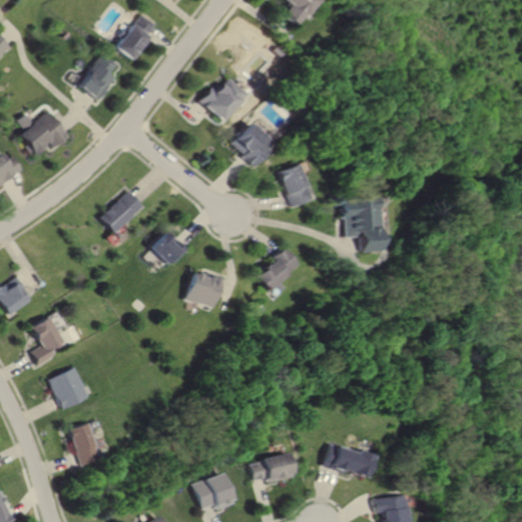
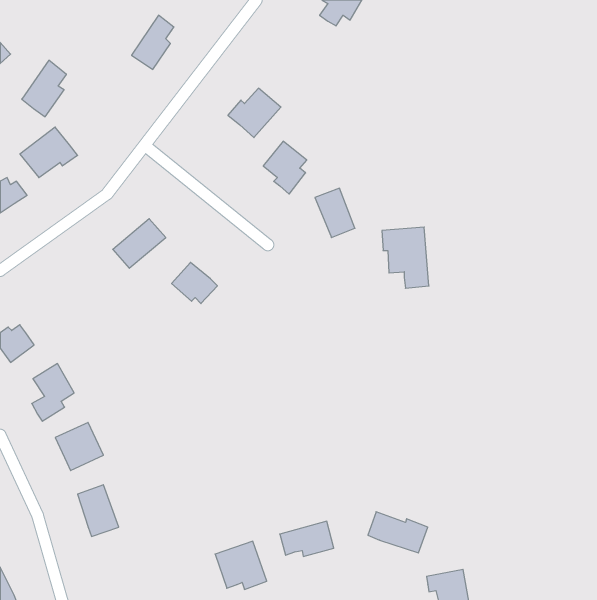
building: [81,53,119,102] -> [22,60,66,117]
building: [256,247,301,293] -> none
building: [185,272,225,310] -> none

